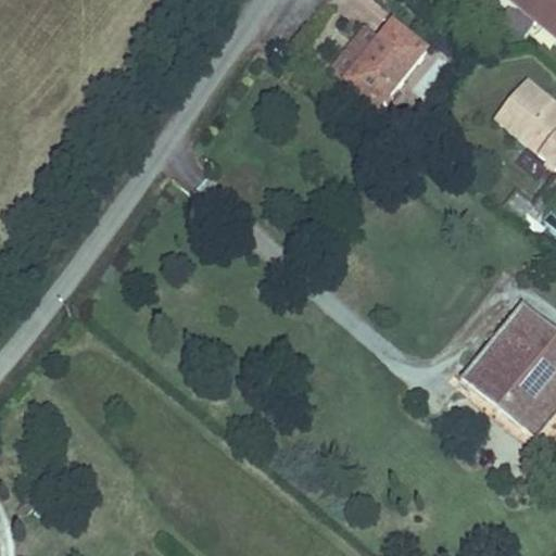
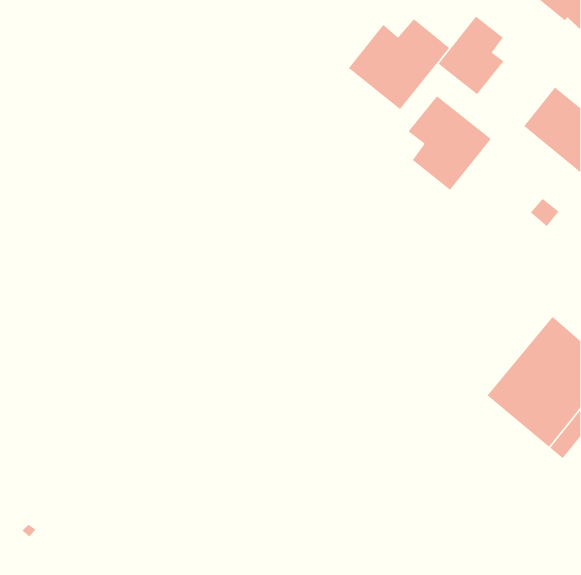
building: none -> [437,16,504,95]
building: none -> [407,95,492,191]

